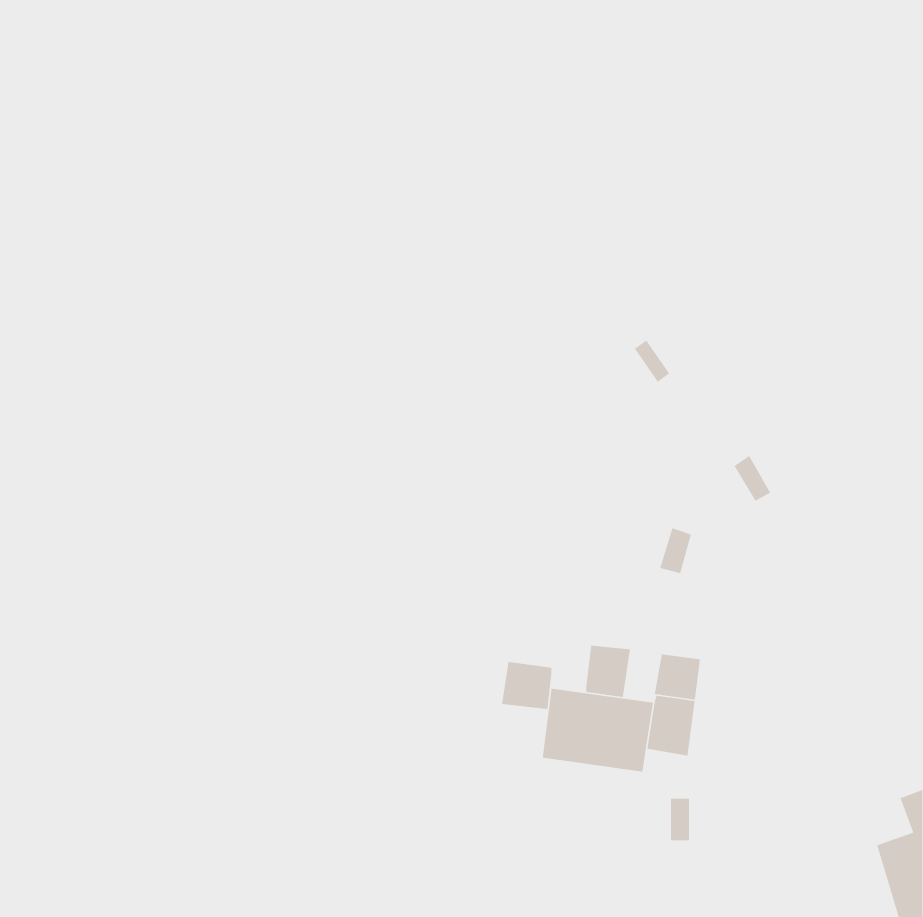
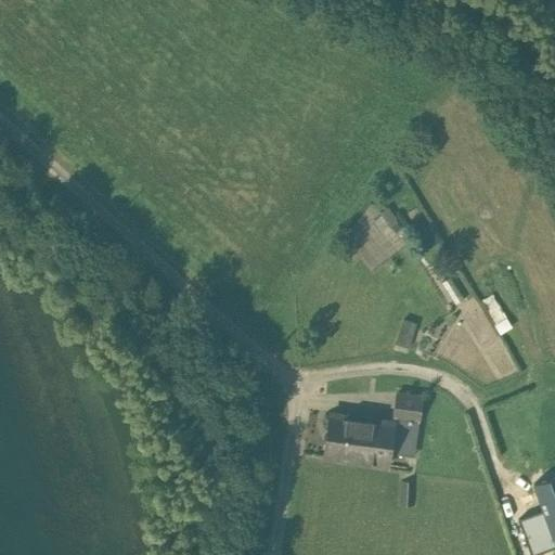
building: [585,645,631,698] -> none
building: [501,661,552,710] -> none

